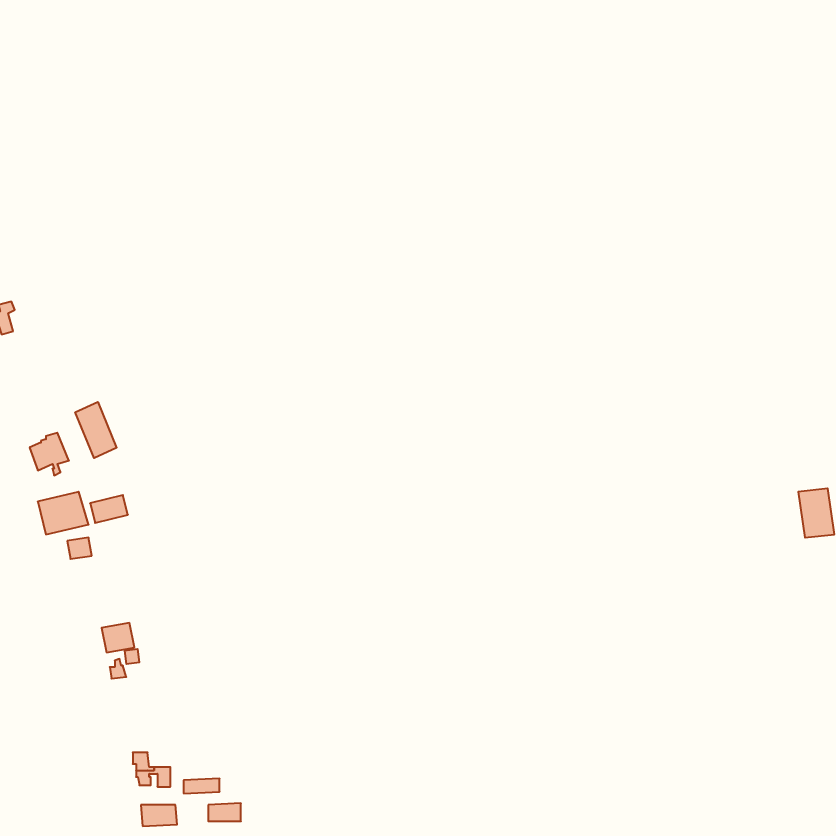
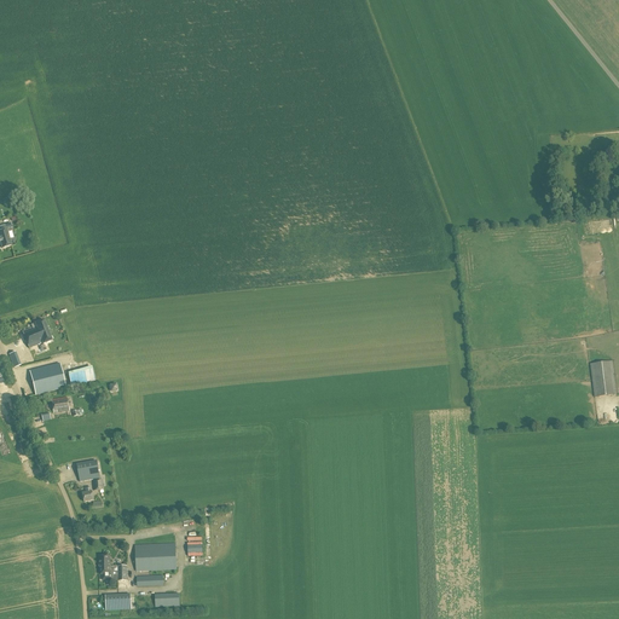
building: [75,402,117,458] -> none
building: none -> [134,543,175,571]

